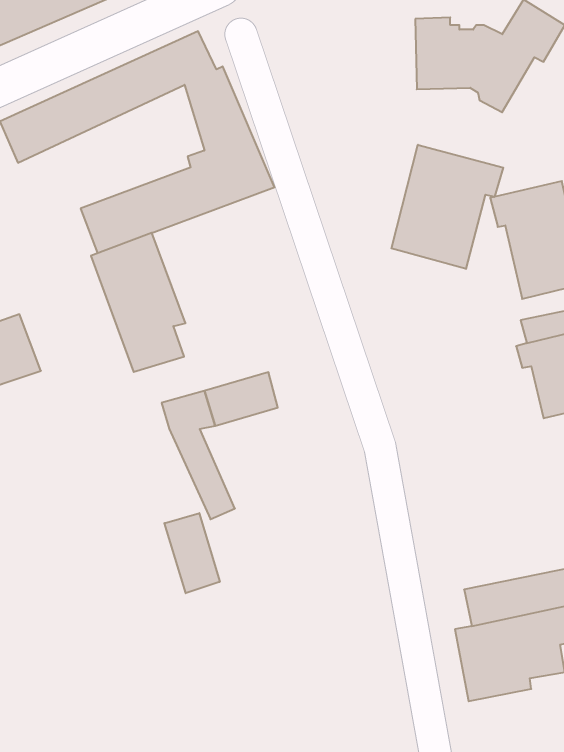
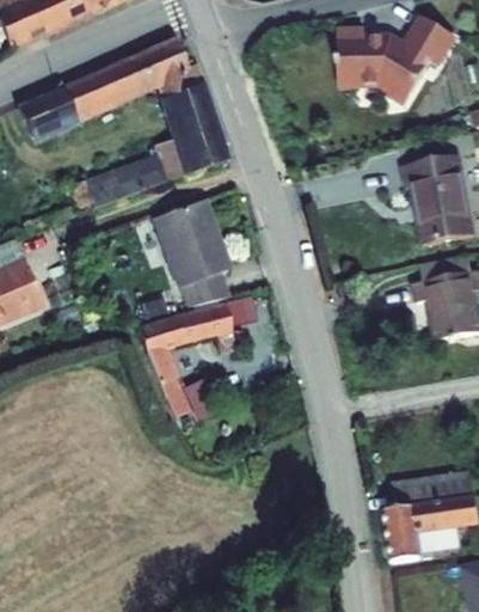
building: [391,145,503,269] -> none
building: [91,233,186,372] -> [156,200,231,308]
building: [164,513,220,593] -> none

